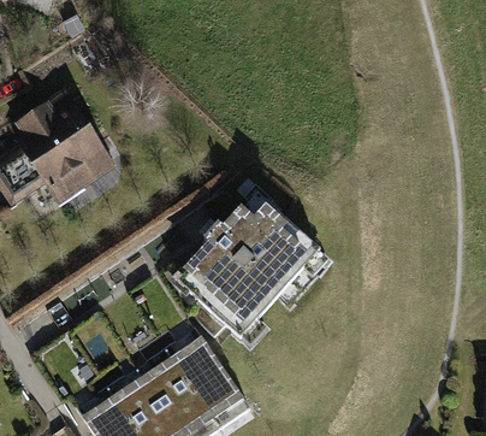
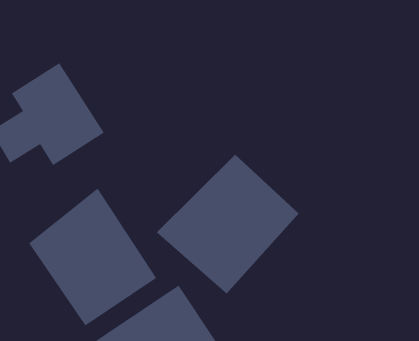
building: none -> [28,188,157,327]

